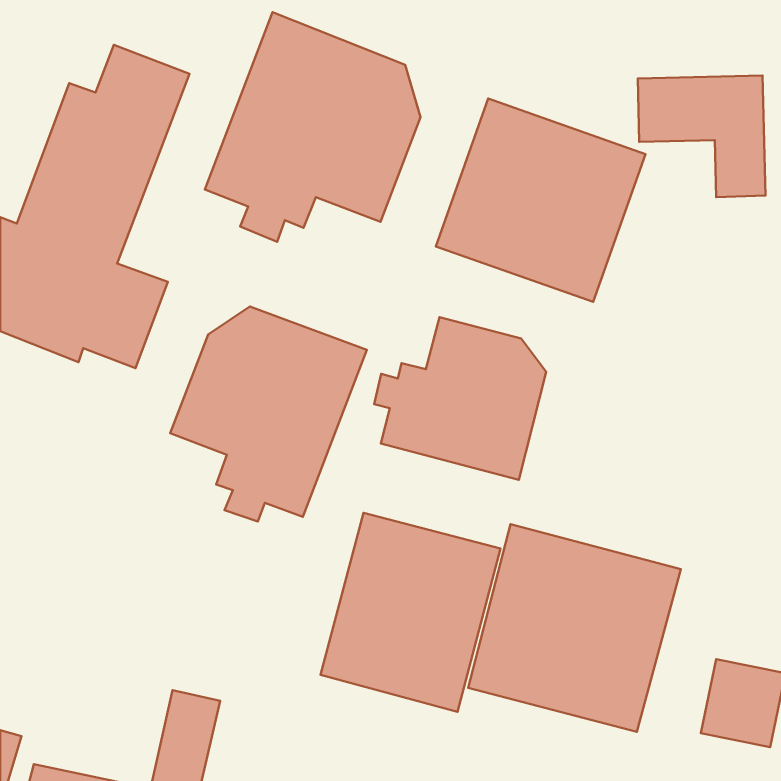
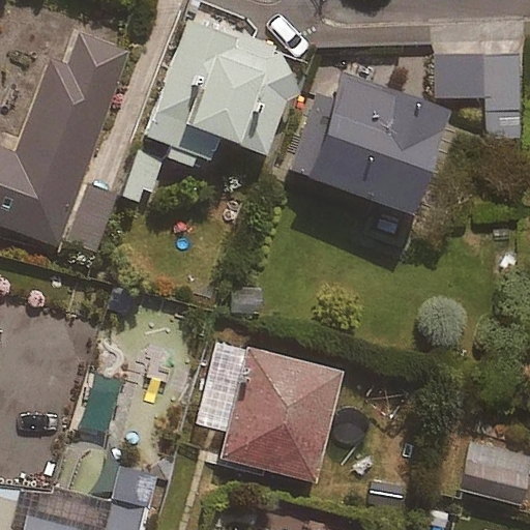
building: [170,306,367,522] -> none
building: [374,317,546,480] -> none
building: [468,524,681,732] -> none

